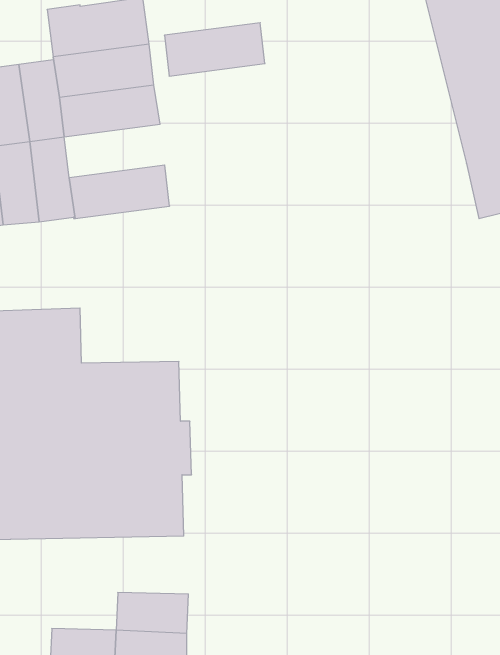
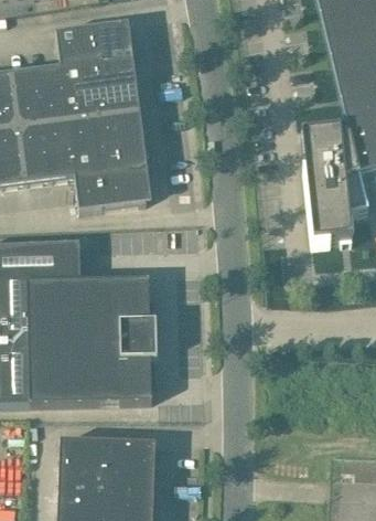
building: [164,23,265,76] -> [69,110,140,148]
building: none -> [303,129,369,244]
building: none -> [76,168,148,211]
building: none -> [61,437,107,466]

